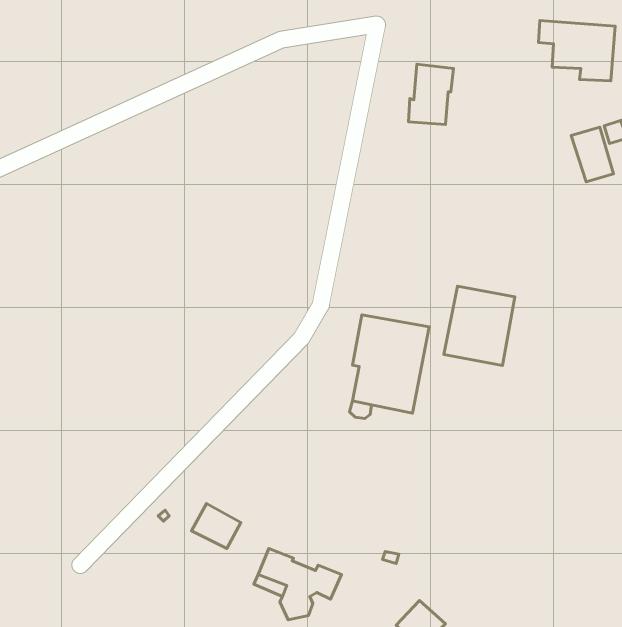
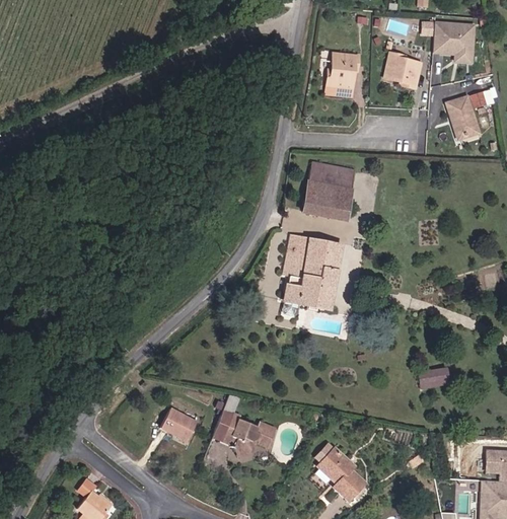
building: none -> [383,52,421,88]
building: [444,286,515,365] -> [302,161,355,220]
building: none -> [418,367,448,388]
building: [191,503,241,549] -> [159,407,196,441]

